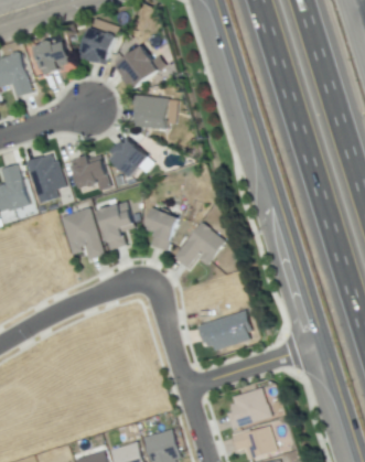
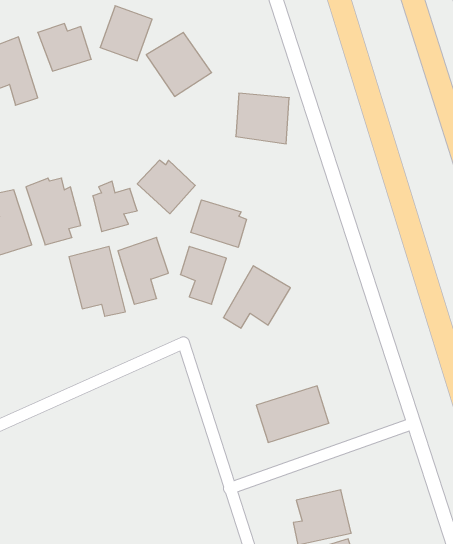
building: [133,95,173,132] -> [236,93,289,144]
building: none -> [191,200,247,247]

